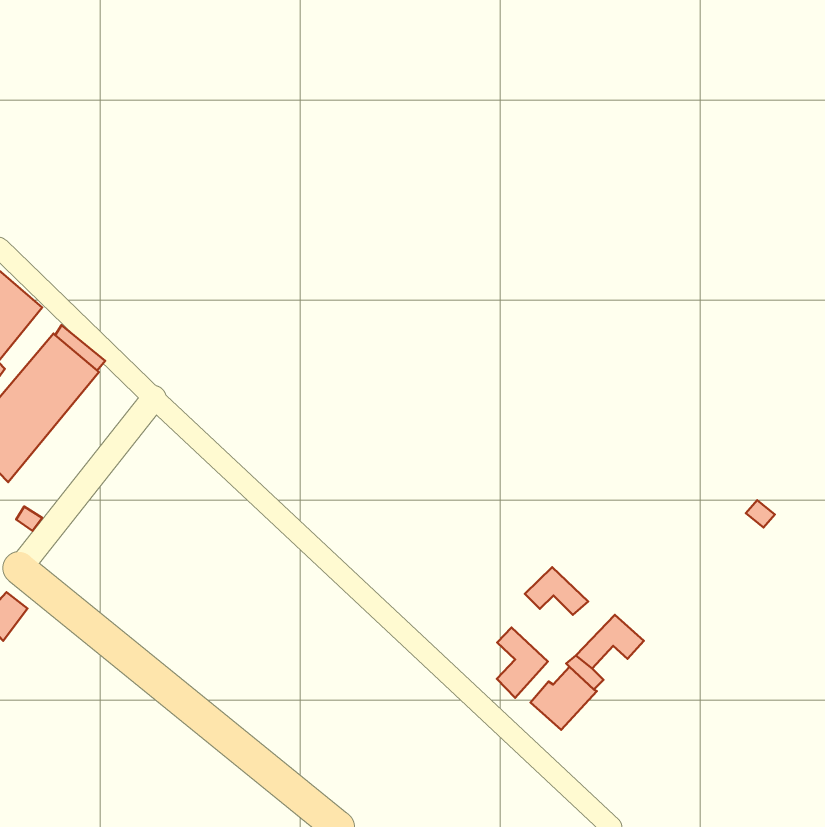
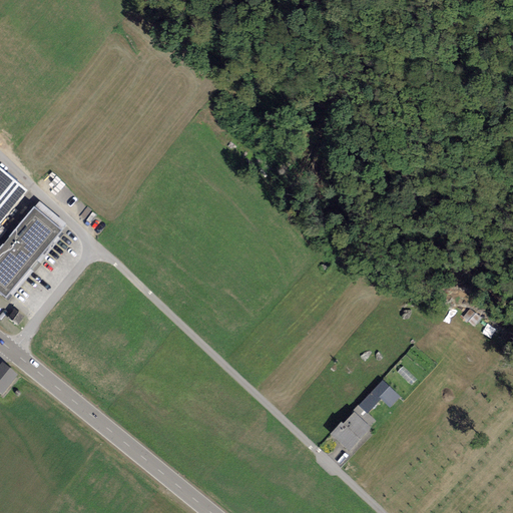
building: [525,567,588,615] -> none
building: [497,627,548,698] -> none

